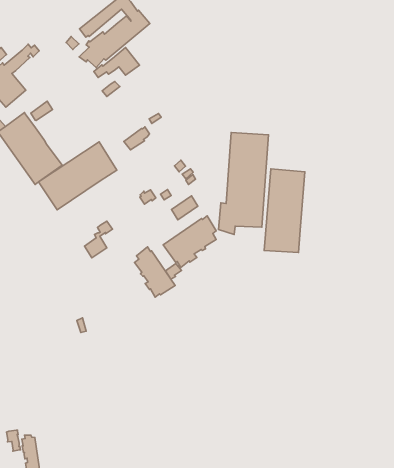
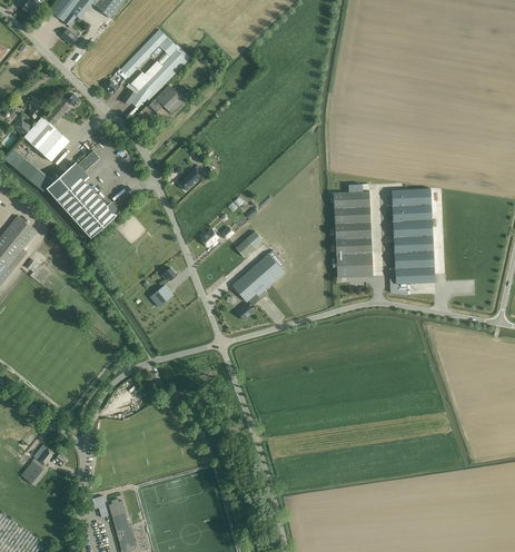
building: [219,132,269,235] -> [388,187,434,295]
building: [38,142,117,210] -> none
building: [134,247,175,297] -> none

